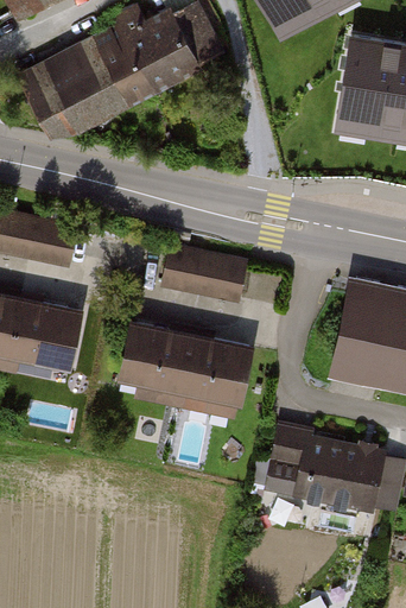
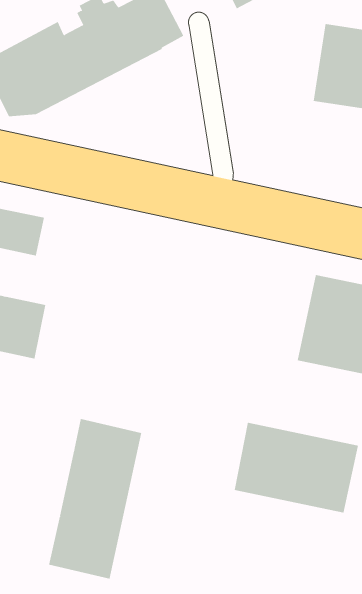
building: [164,248,245,300] -> none
building: [123,325,249,404] -> none
building: none -> [48,418,142,579]

